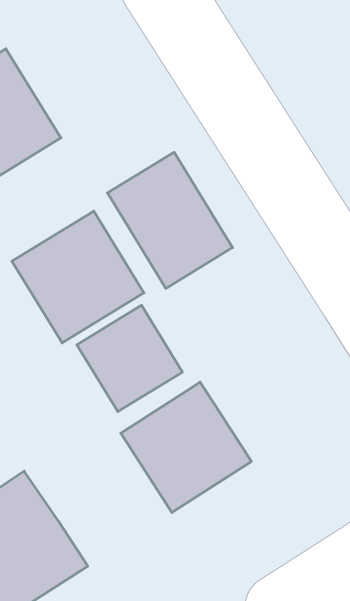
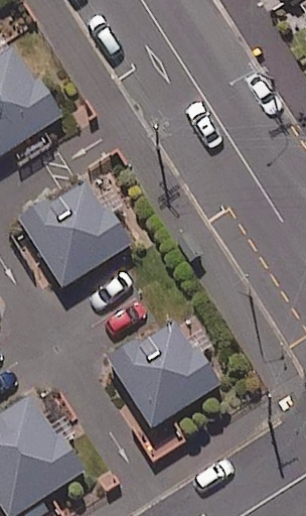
building: [107,152,233,288] -> none
building: [77,305,182,412] -> none

